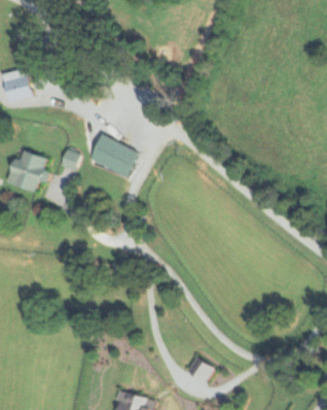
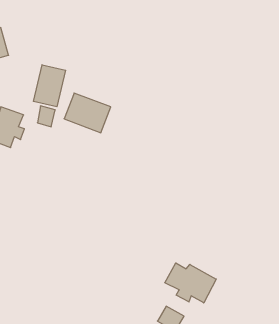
building: none -> [33,65,66,107]
building: none -> [165,263,216,303]

